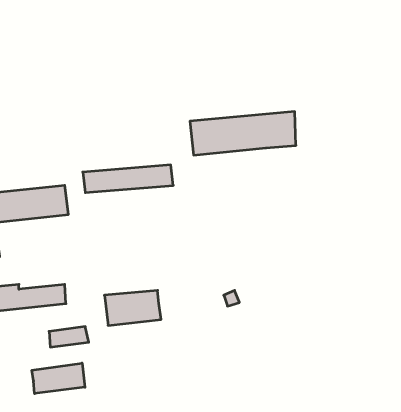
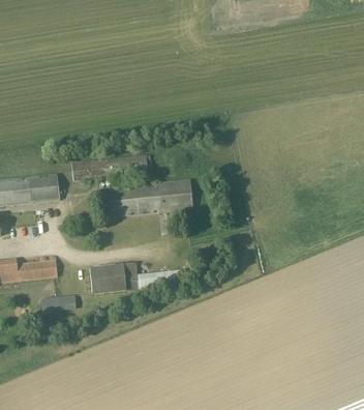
building: [190,112,296,155] -> [101,179,192,216]
building: [32,363,85,394] -> none

